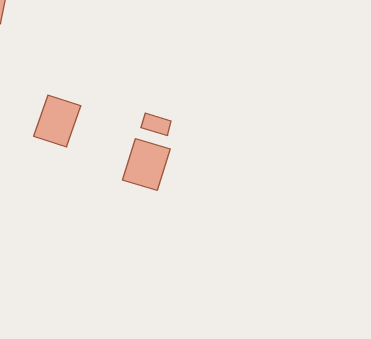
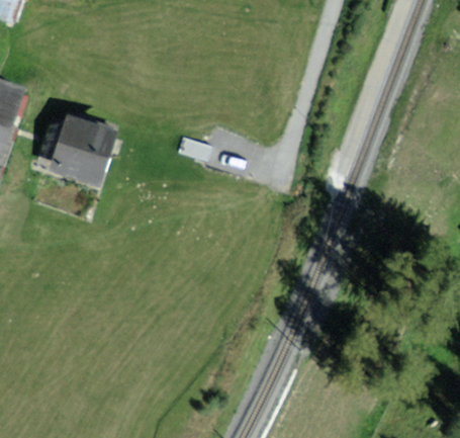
building: [122,139,170,190] -> none

